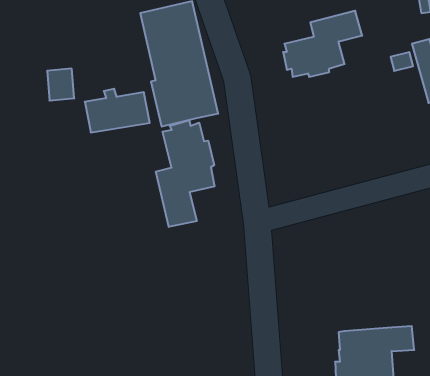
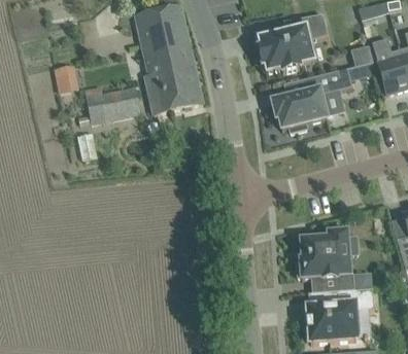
building: none -> [272,67,352,132]
building: [156,120,215,227] -> none
building: none -> [297,226,358,291]

